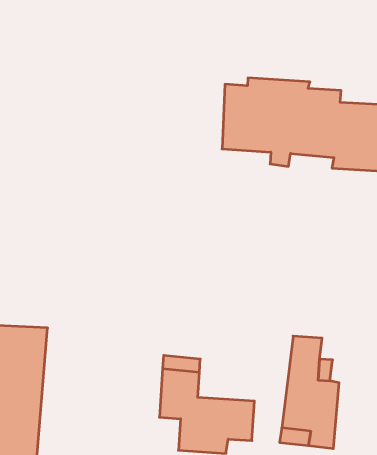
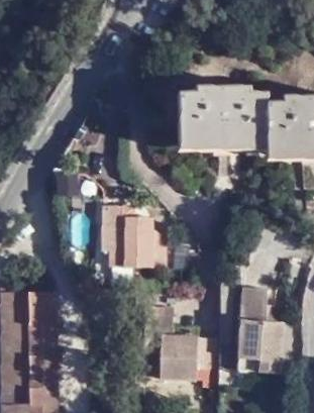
building: none -> [102,205,167,267]

